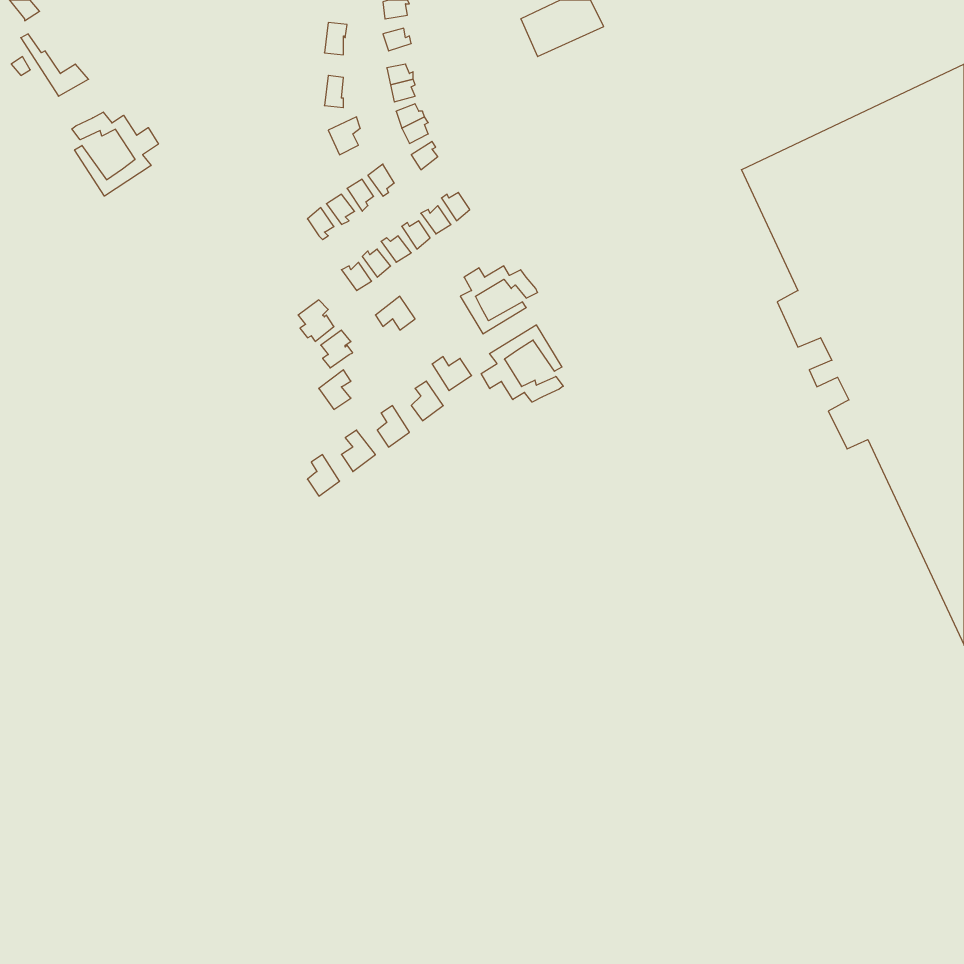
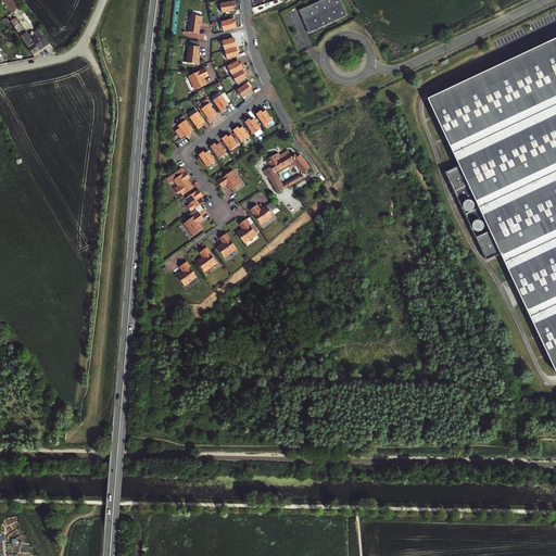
building: [72,112,158,196] -> none
building: [481,325,563,402] -> none

